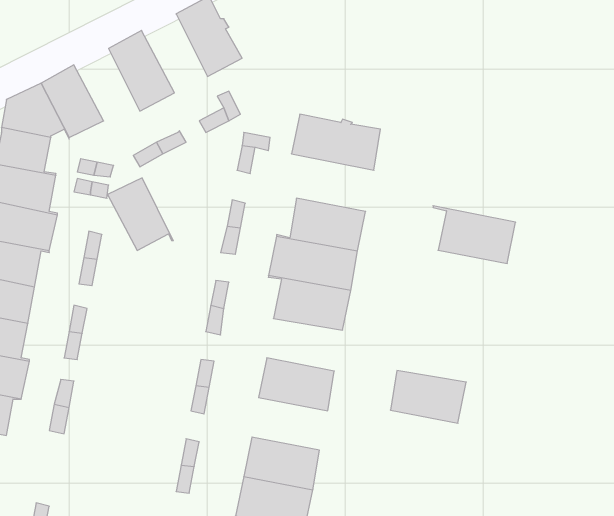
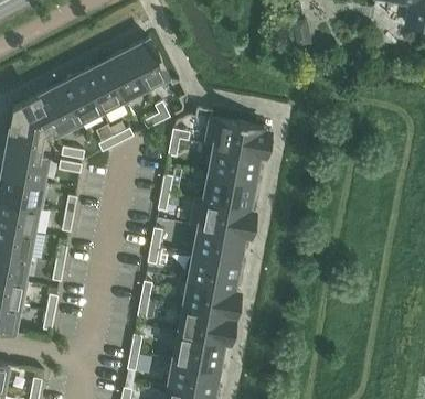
building: none -> [104,51,148,104]
building: [107,178,173,250] -> [59,74,103,122]
building: [433,206,516,263] -> [204,144,259,183]
building: [390,371,466,423] -> [188,255,238,290]
building: none -> [178,308,229,343]

